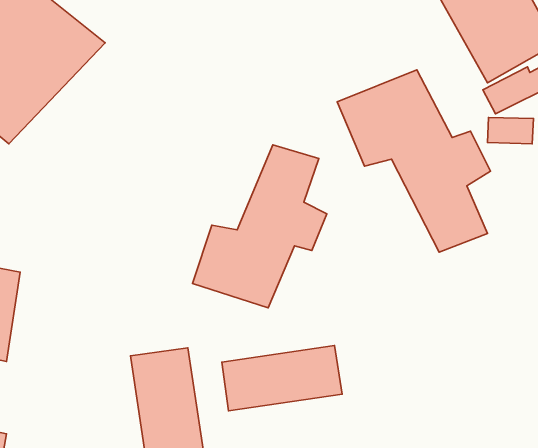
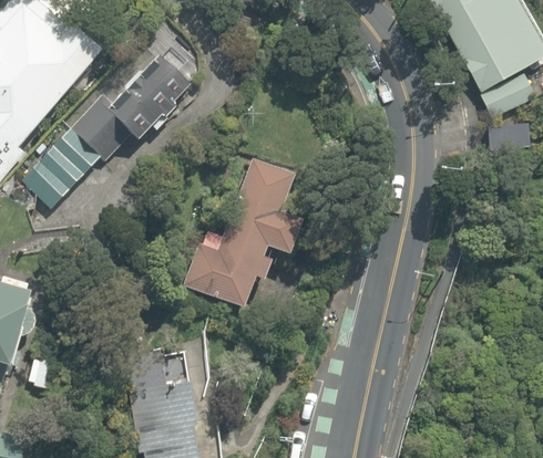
building: none -> [13,39,191,210]
building: [337,70,490,252] -> none
building: [222,346,342,411] -> none

